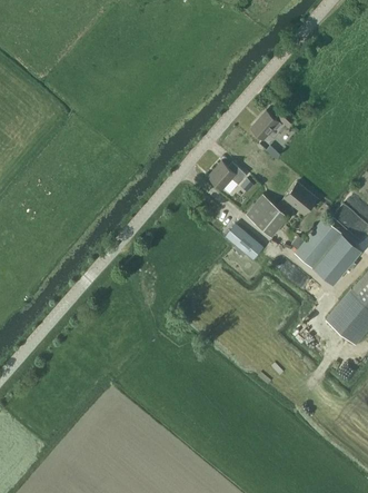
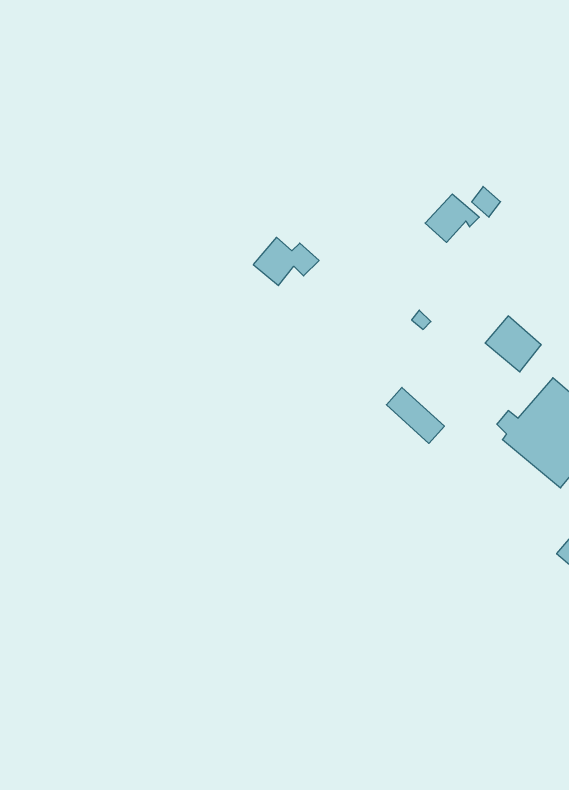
building: [208,162,246,190] -> [253,237,319,286]
building: [245,196,289,238] -> none

